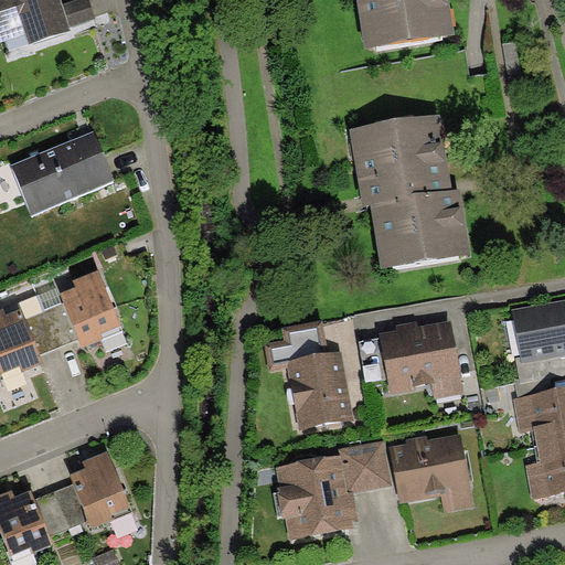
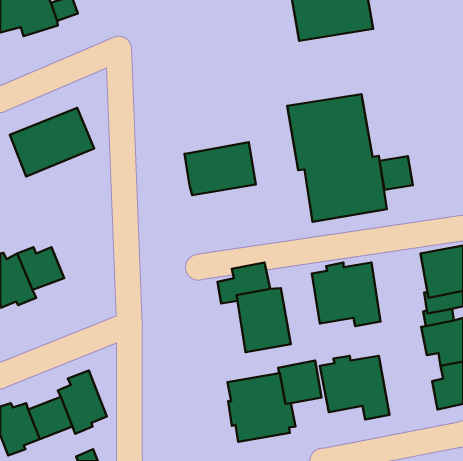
building: none -> [185,142,256,195]
building: none -> [380,156,413,190]
building: [61,270,122,347] -> none

